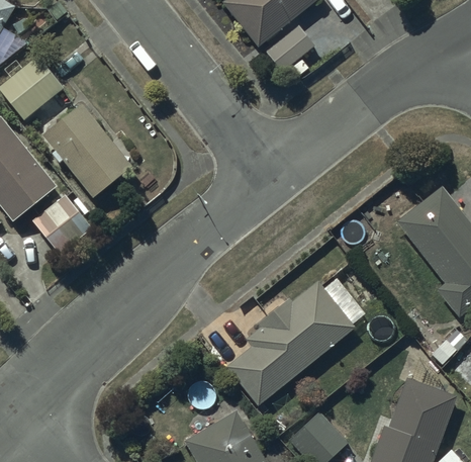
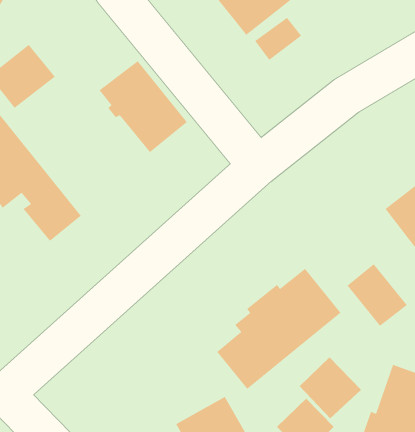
building: [42,104,132,198] -> [99,60,188,153]
building: none -> [347,263,408,327]
building: none -> [299,357,362,419]

